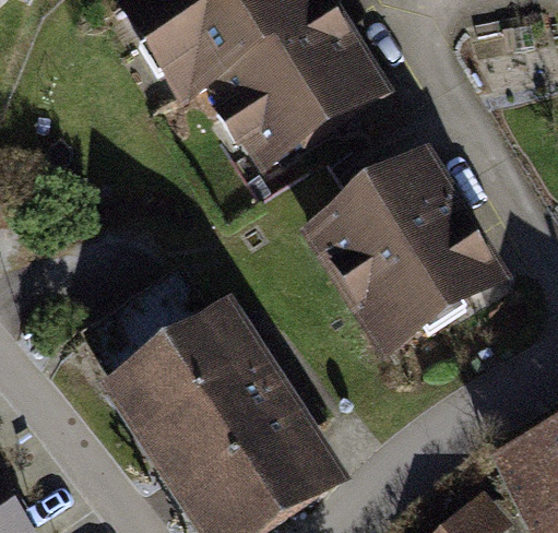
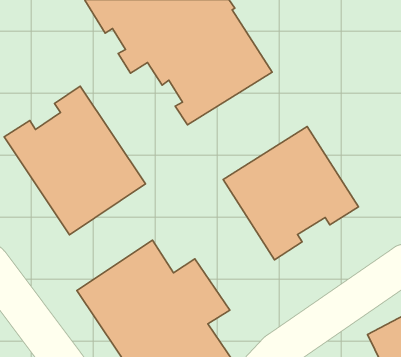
building: none -> [4,86,146,235]

